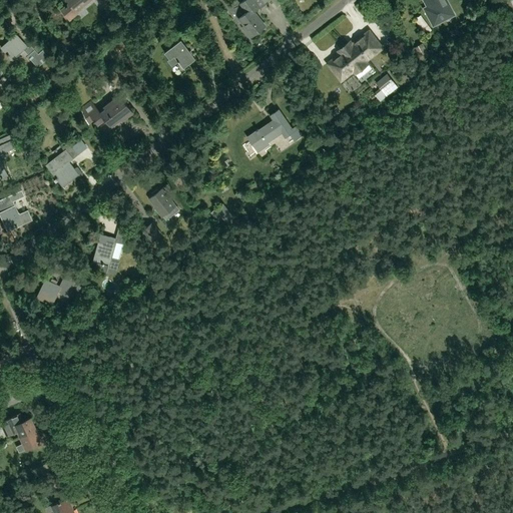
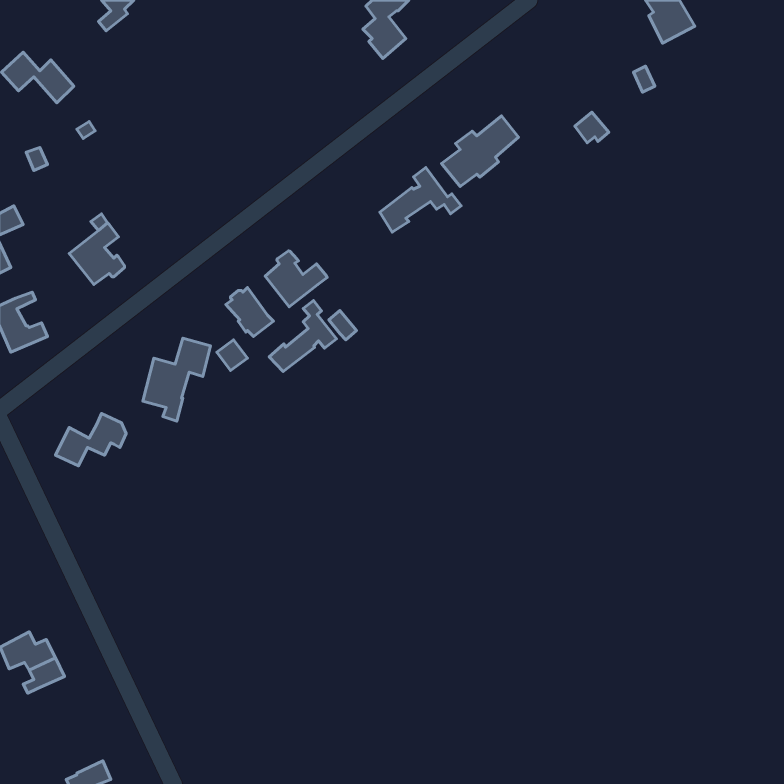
building: [329,34,379,80] -> [442,116,518,186]
building: [163,40,194,69] -> none
building: [79,97,132,127] -> none
building: none -> [265,251,327,307]
building: none -> [269,301,336,371]

